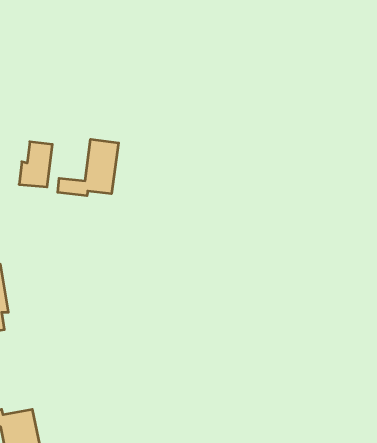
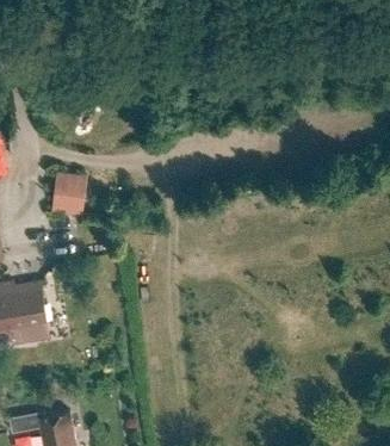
building: [58,139,119,196] -> none

